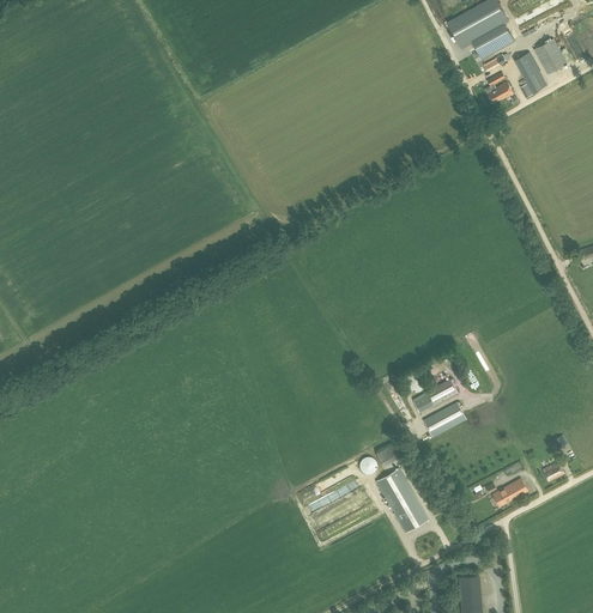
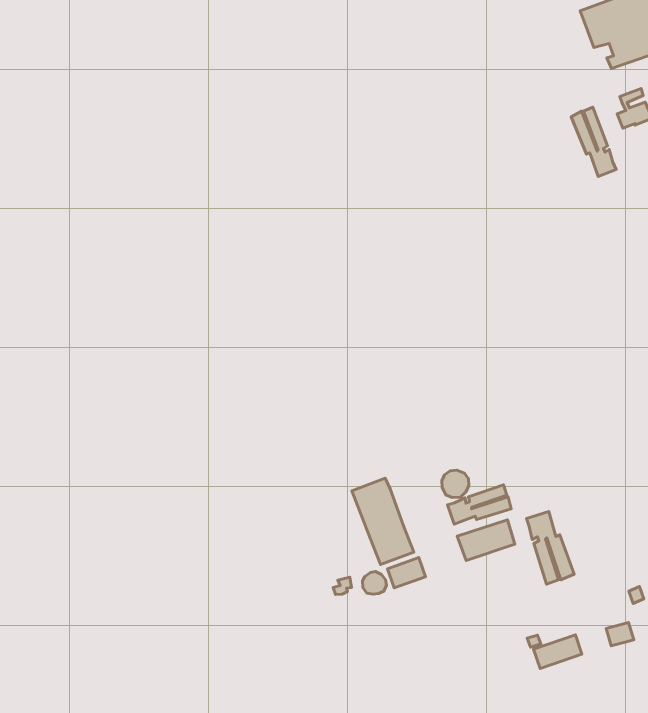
building: none -> [571,107,616,176]
building: none -> [526,511,574,584]
building: [375,468,428,532] -> [352,478,414,565]

